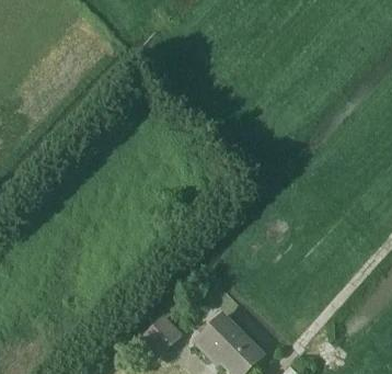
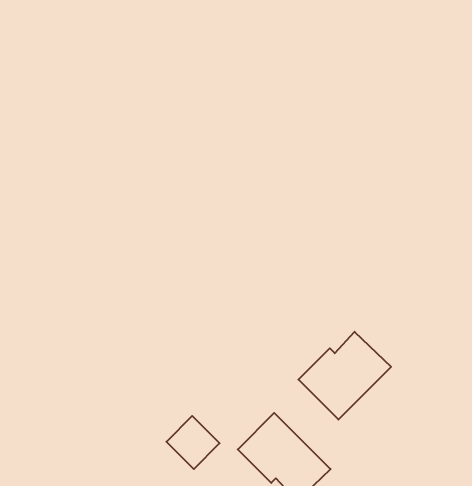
building: none -> [298,332,391,420]

